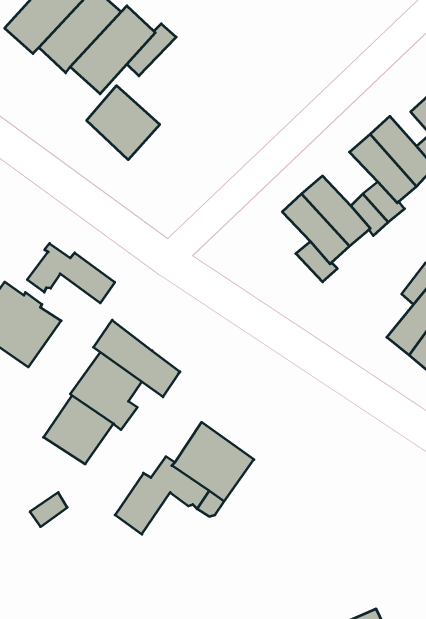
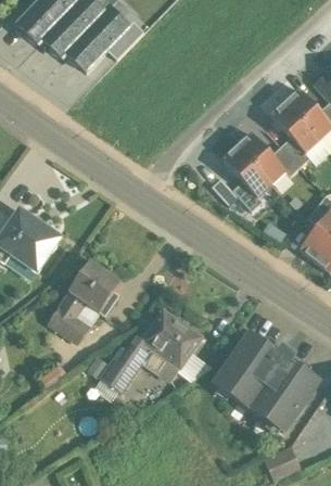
building: [87,86,160,160] -> none
building: [27,243,115,303] -> none
building: [93,320,180,397] -> none
building: none -> [216,334,318,430]

